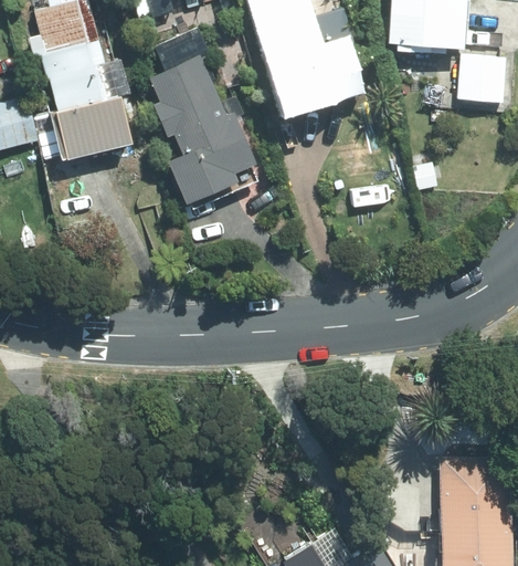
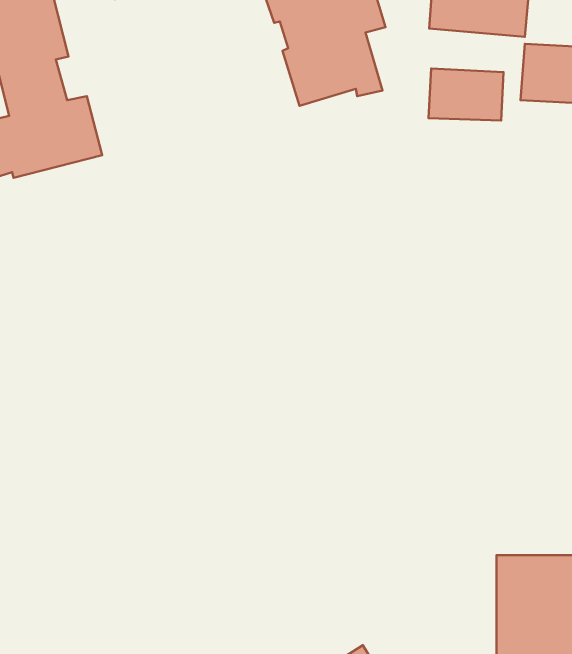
building: [148,28,256,207] -> none
building: none -> [429,68,504,121]

